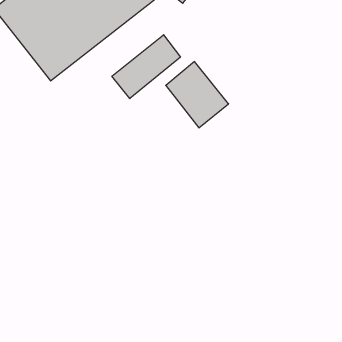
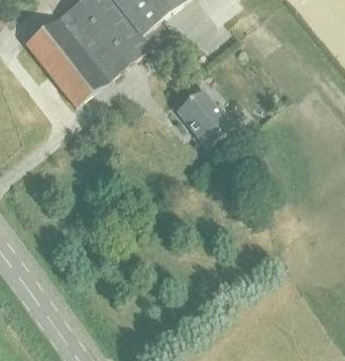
building: [112,35,180,99] -> none

